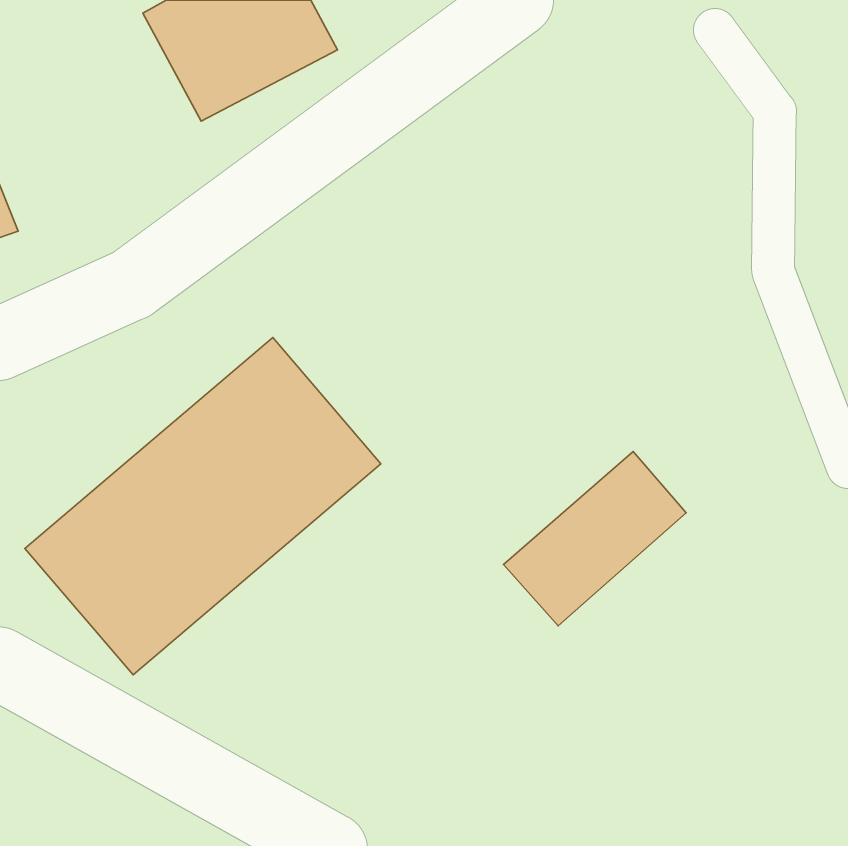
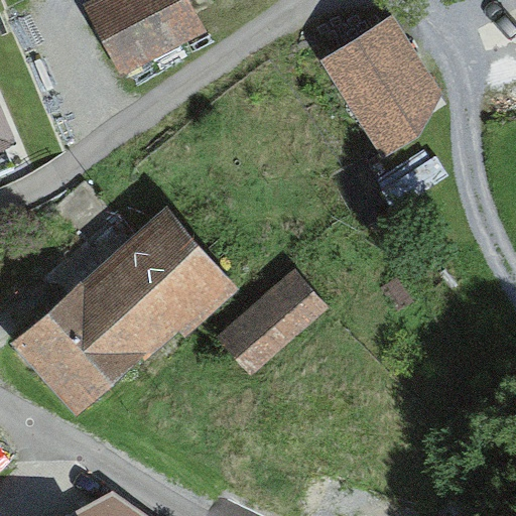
building: none -> [315,19,441,148]
building: [503,451,686,626] -> [223,263,334,369]

